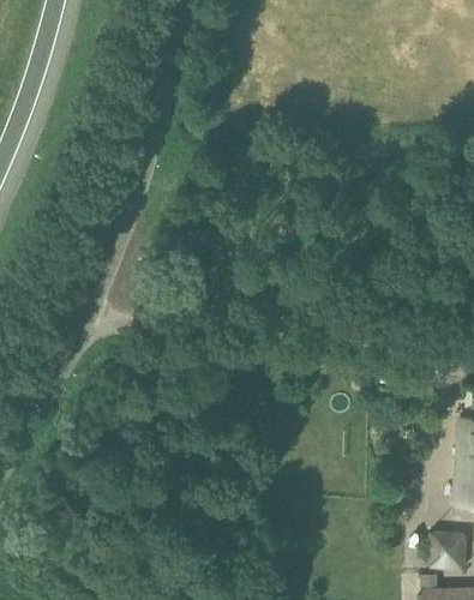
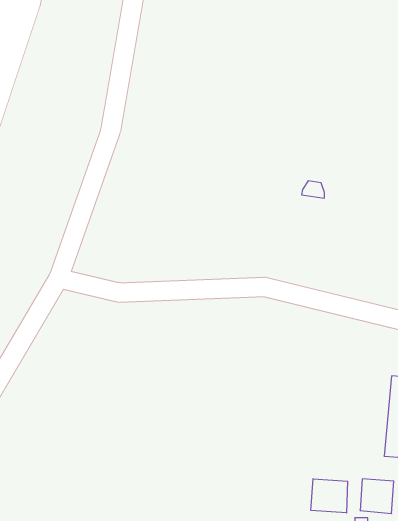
building: none -> [311,479,348,513]

